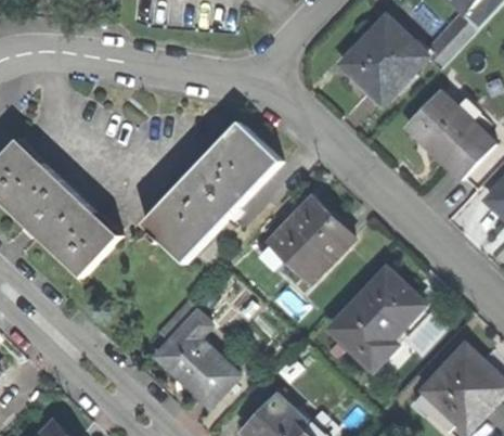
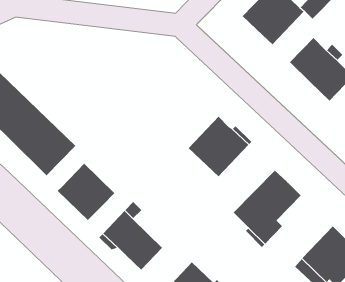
building: [142,121,282,260] -> none
building: none -> [57,163,115,221]

